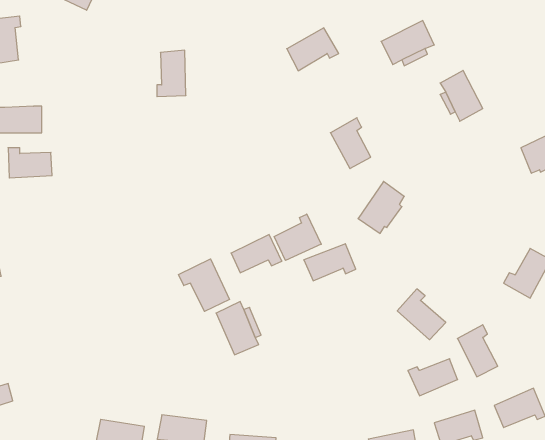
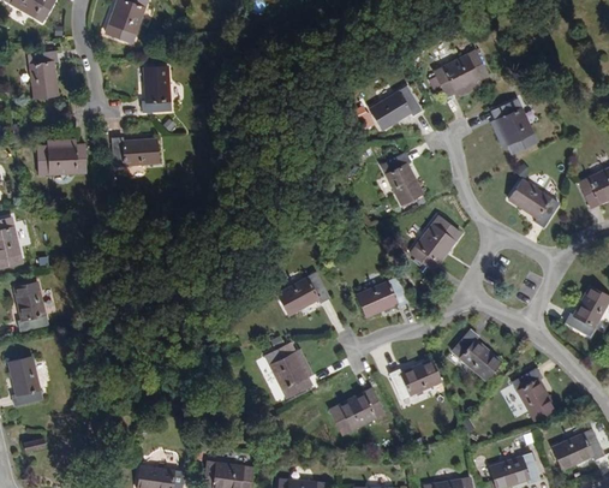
building: [287,28,339,71] -> [371,88,425,132]
building: [157,50,186,97] -> [139,65,169,113]
building: none -> [511,181,562,231]
building: [8,148,52,178] -> [109,131,155,162]
building: [274,214,321,260] -> none
building: [178,259,230,311] -> none
building: none -> [324,393,380,438]
building: [408,359,458,396] -> [388,362,440,400]

